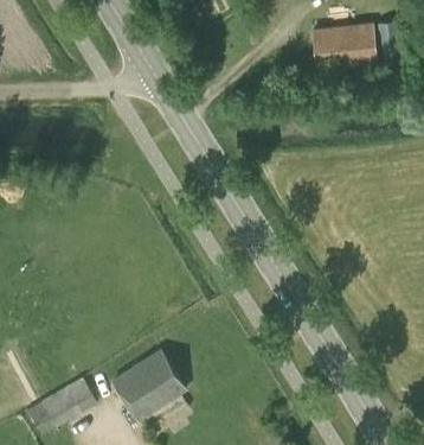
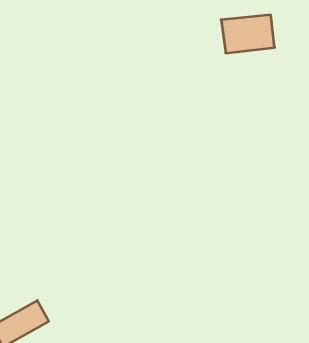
building: [114,351,185,420] -> none

